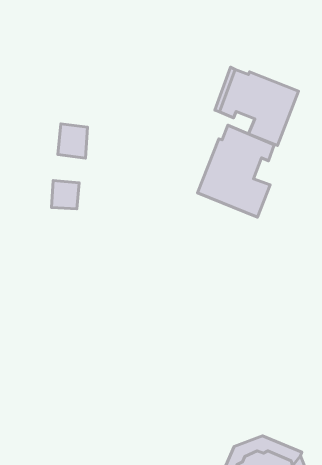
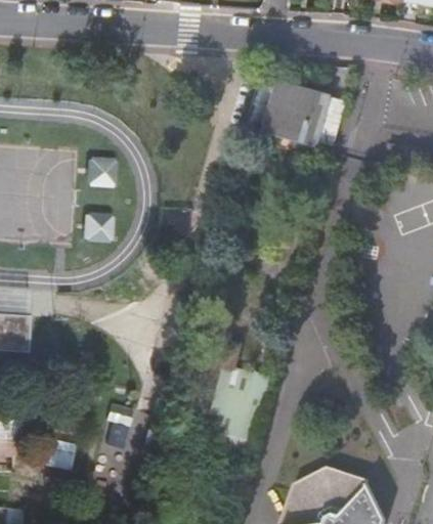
building: [197,125,274,217] -> none

